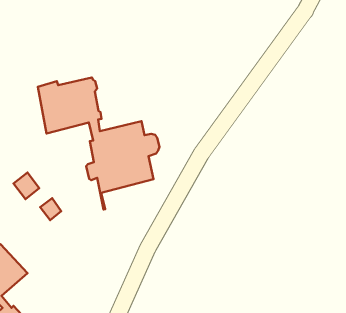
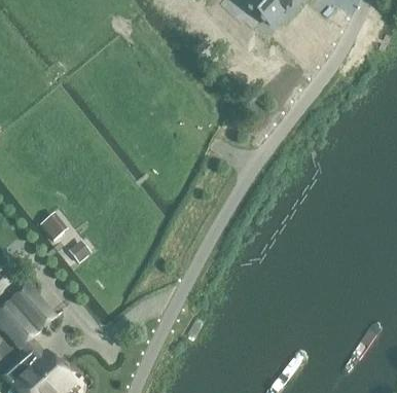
building: [38,77,160,210] -> none

